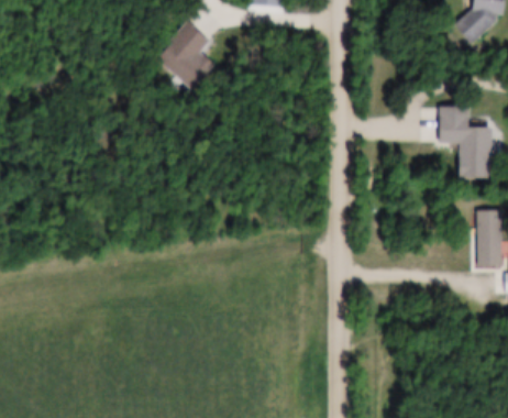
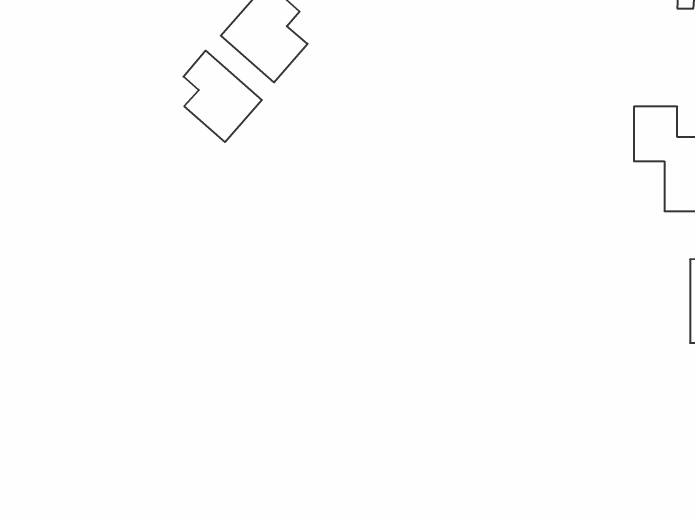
building: none -> [183,51,262,142]

